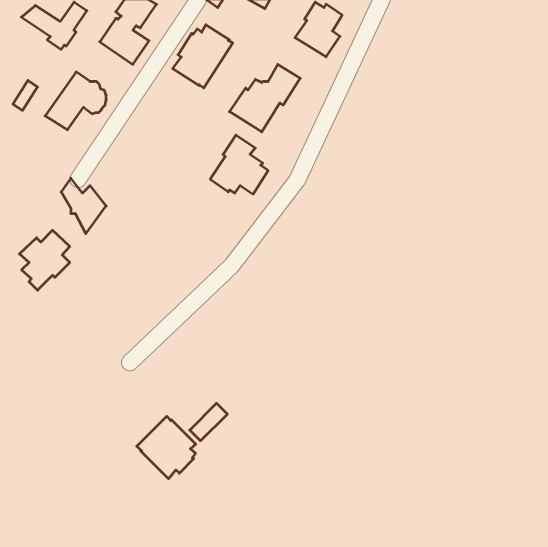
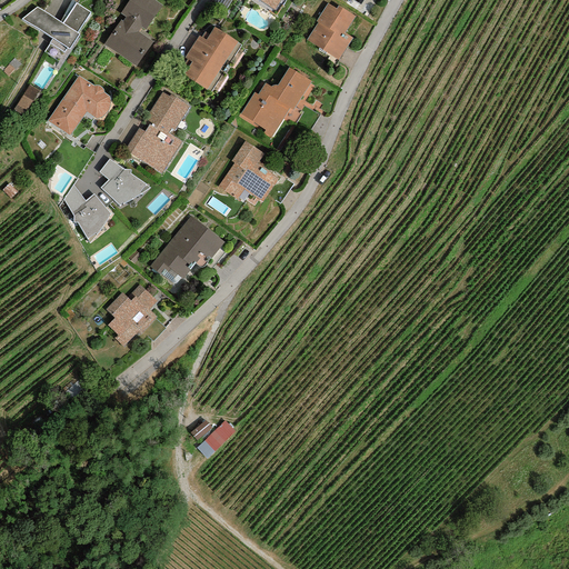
building: none -> [124,91,190,173]
building: none -> [99,159,150,204]
building: none -> [150,214,224,282]
building: [19,230,70,290] -> [104,283,157,346]
building: [137,416,196,479] -> none

